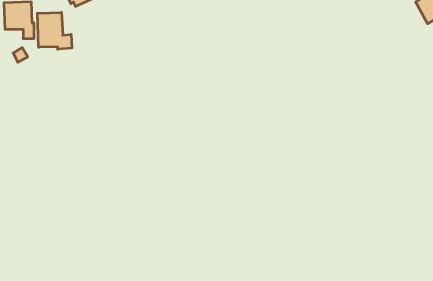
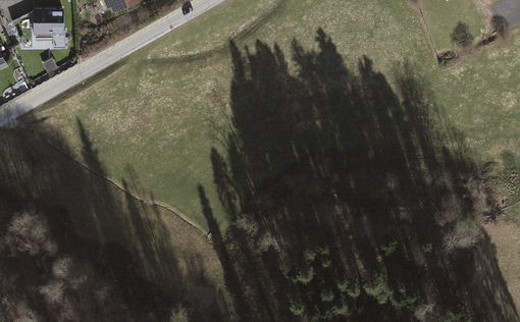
building: [37,12,72,49] -> none

